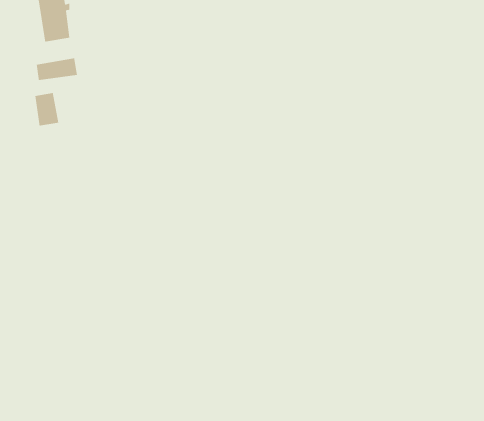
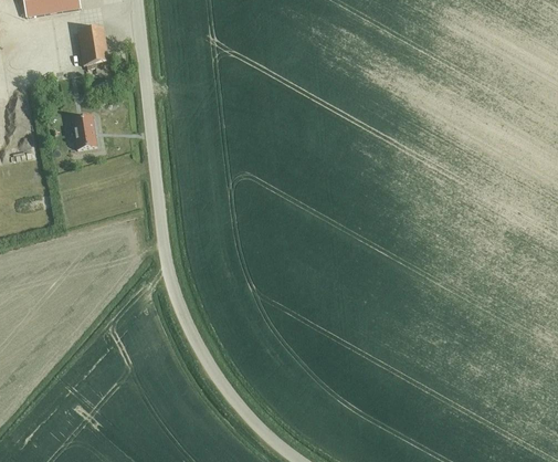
building: [36,57,77,81] -> none

